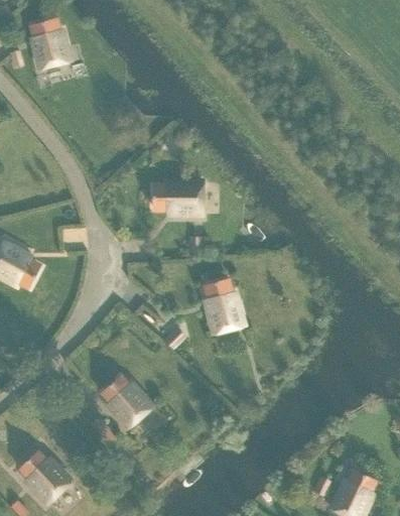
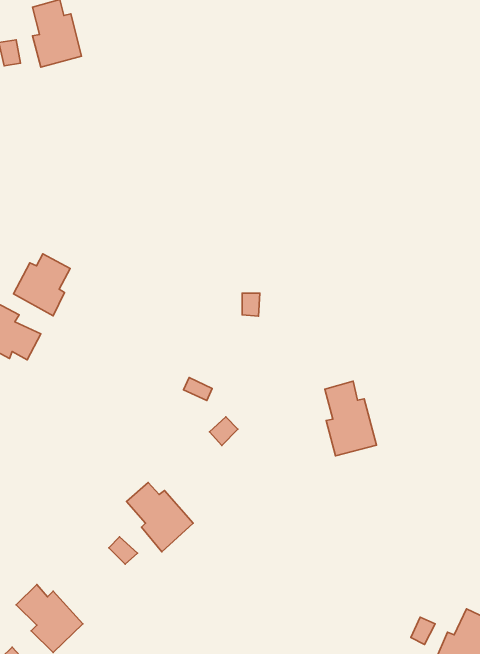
building: [152,180,202,212] -> none
building: none -> [13,254,70,316]
building: [205,277,243,333] -> [325,381,376,456]

